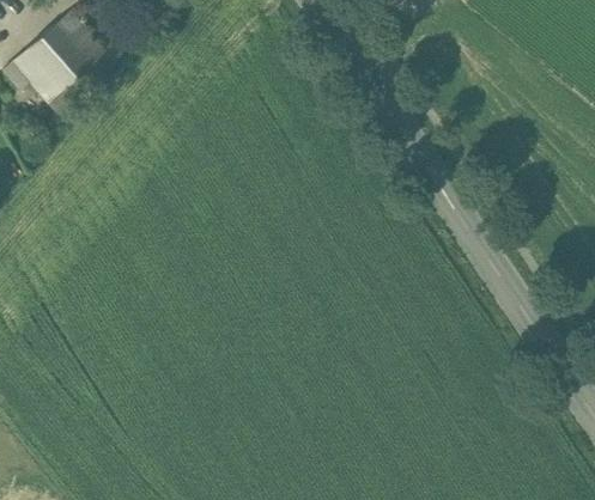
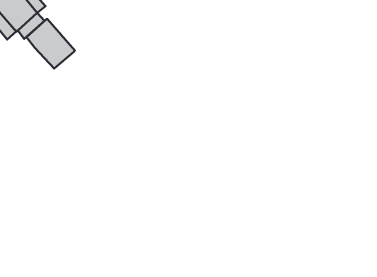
building: none -> [27,19,75,68]

